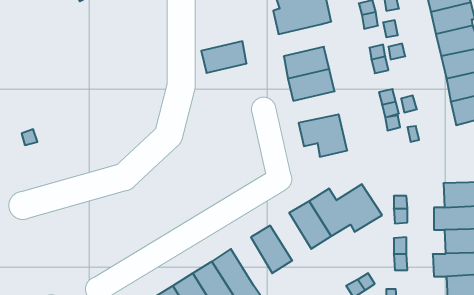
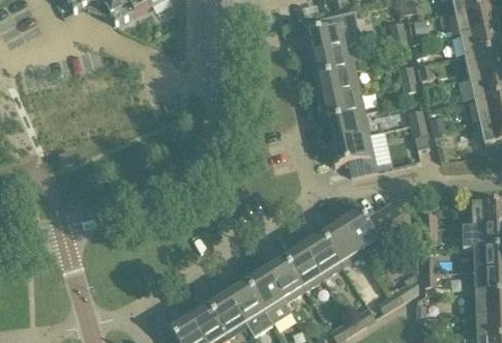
building: [201,41,247,73] -> [309,46,354,77]
building: none -> [324,111,368,142]
building: none -> [301,230,342,277]
building: none -> [263,254,303,301]

